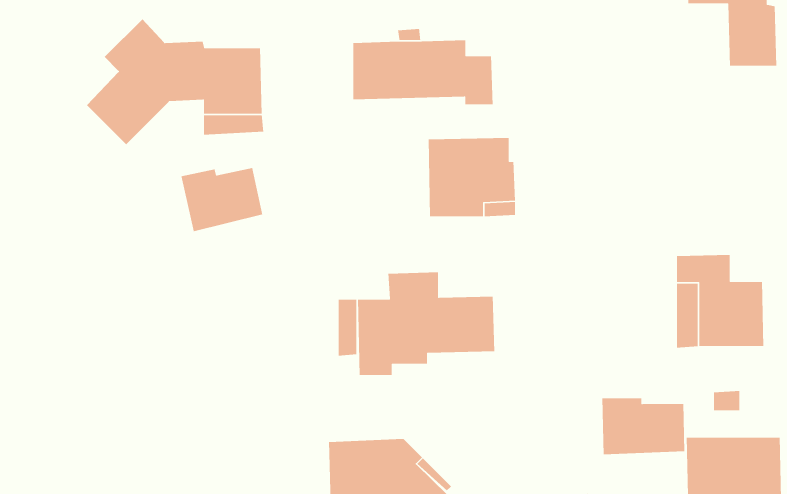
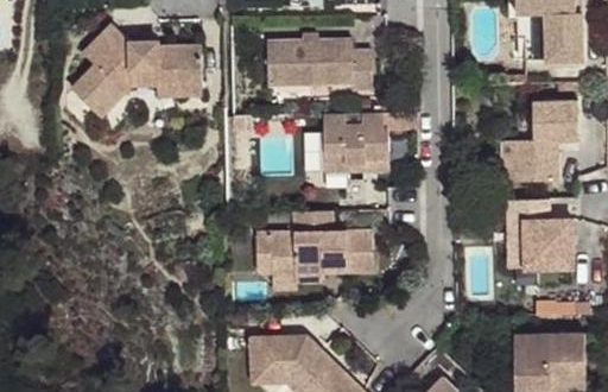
building: none -> [504,100,578,181]
building: [180,167,263,232] -> none
building: [602,397,685,455] -> none

